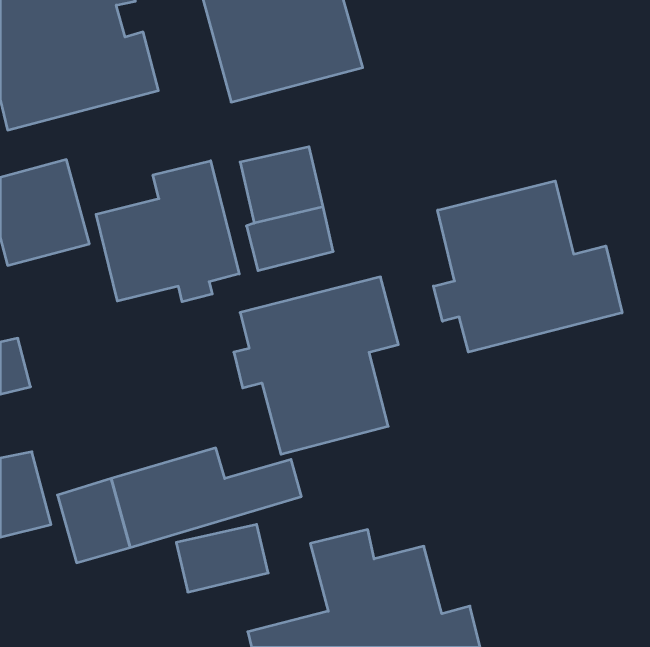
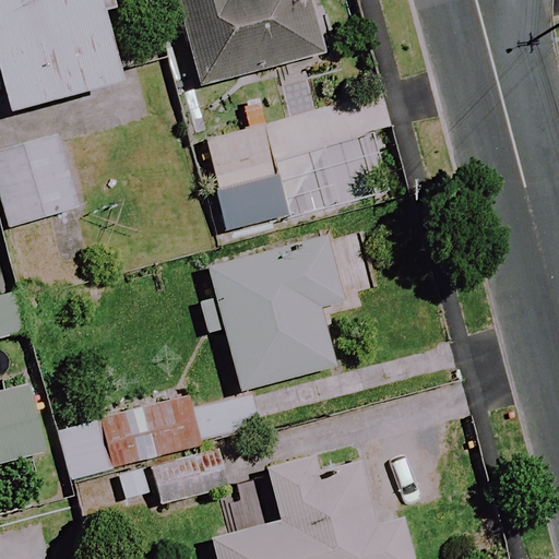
building: [96,161,239,302] -> none
building: [433,181,622,352] -> none

